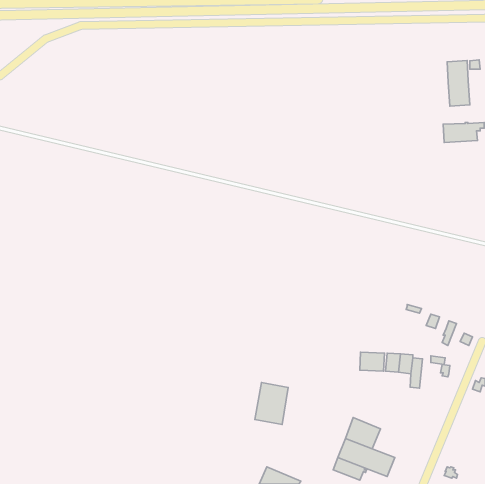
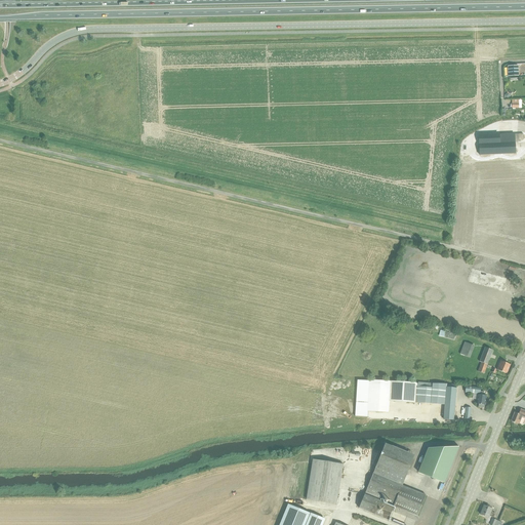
building: [447,60,470,106] -> none
building: none -> [355,378,390,415]
building: [255,383,288,424] -> [307,458,342,503]
building: none -> [419,445,456,480]

